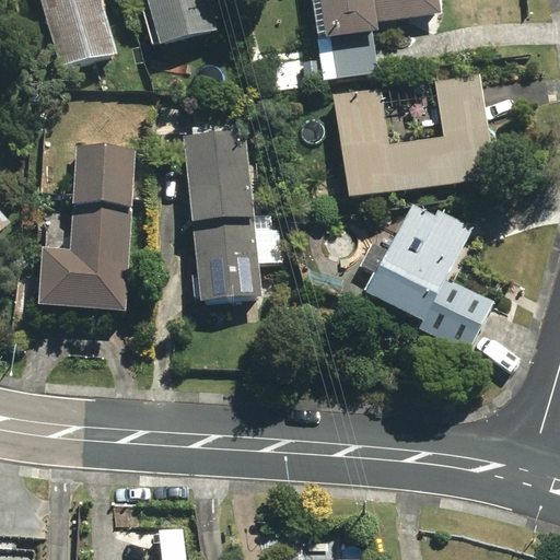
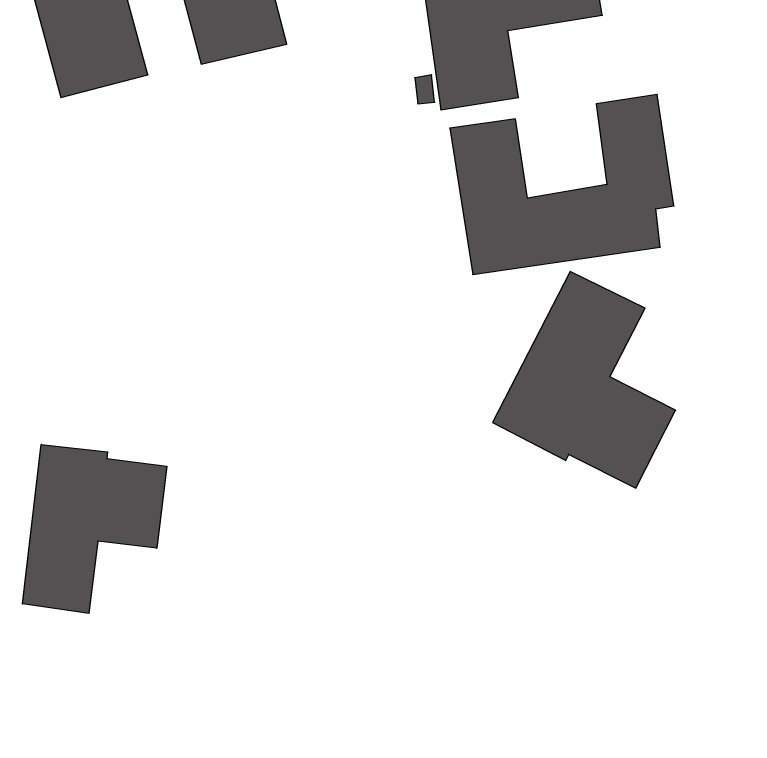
building: [188,130,257,302] -> none
building: [36,148,137,314] -> none
building: none -> [22,444,167,613]

